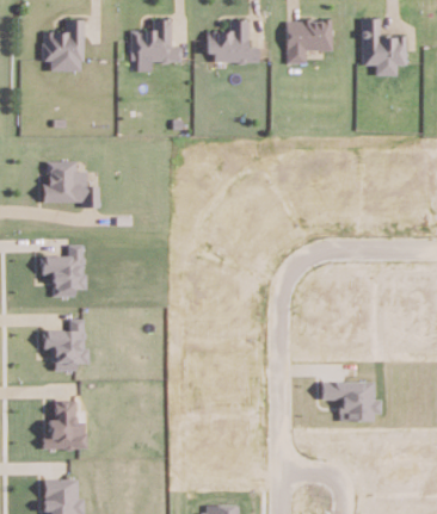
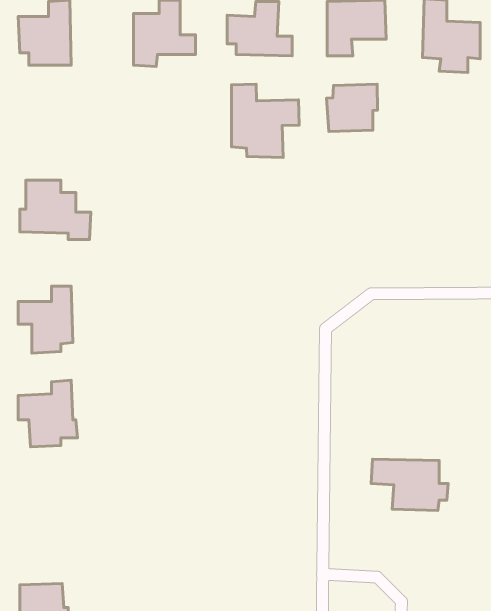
building: none -> [231,84,299,157]
building: none -> [326,84,378,131]
building: [42,400,85,448] -> none

